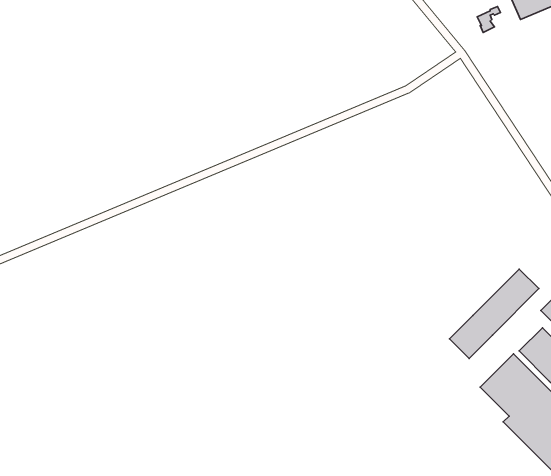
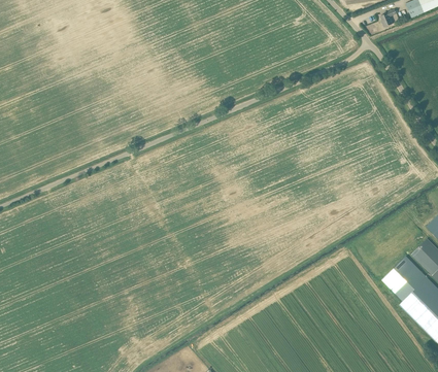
building: [450,269,539,358] -> none

